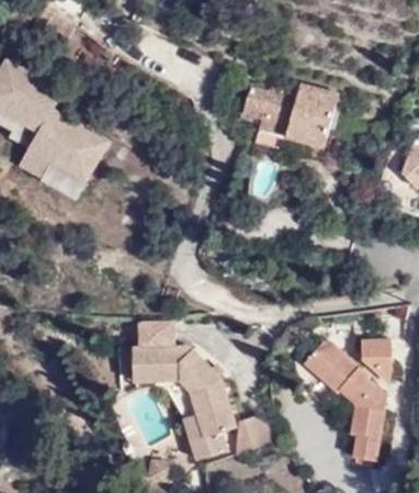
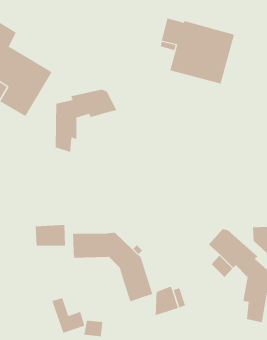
building: none -> [55,89,117,153]
building: [135,321,174,348] -> [35,225,66,246]
building: [183,413,226,459] -> [51,297,85,334]

